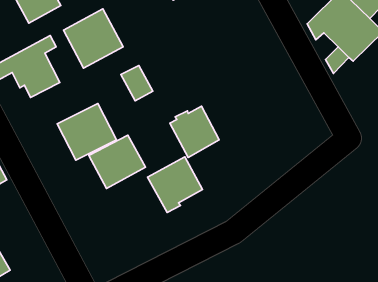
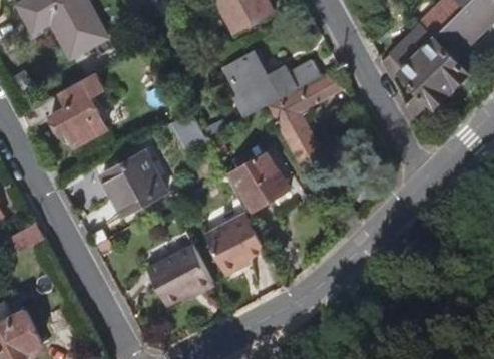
building: [63,9,123,68] -> none
building: none -> [228,52,322,114]
building: none -> [272,73,342,158]
building: [89,135,145,188] -> [149,246,213,306]

